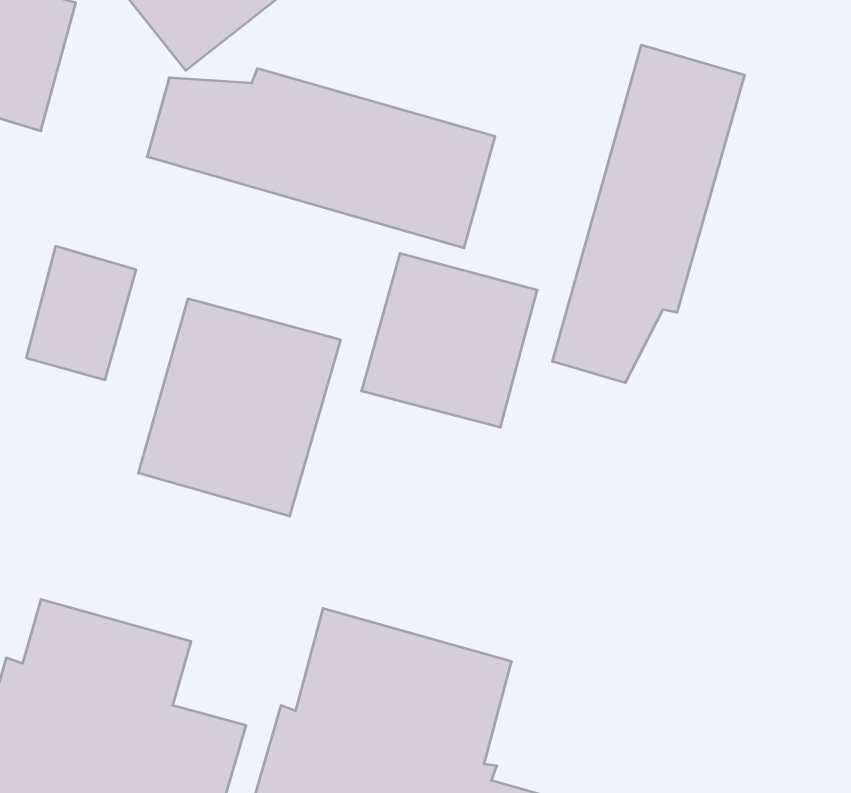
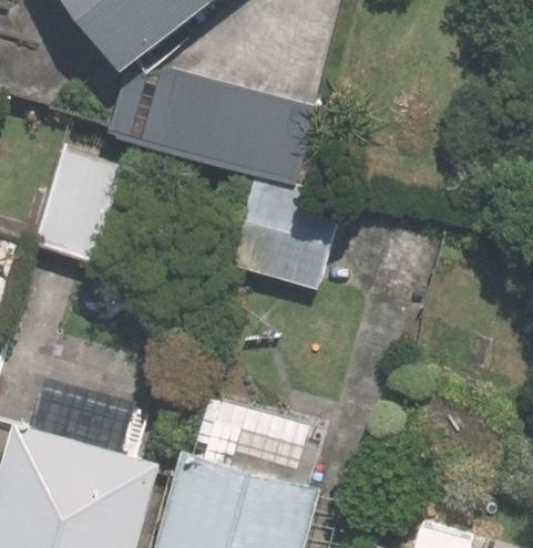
building: [552,45,745,383] -> none
building: [138,299,340,516] -> none

